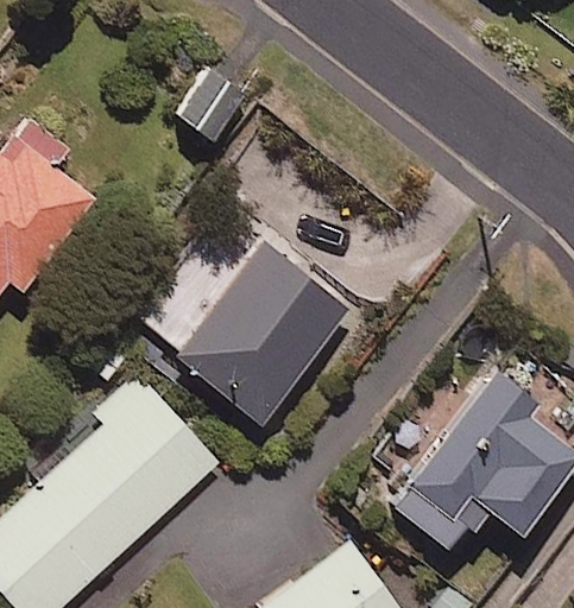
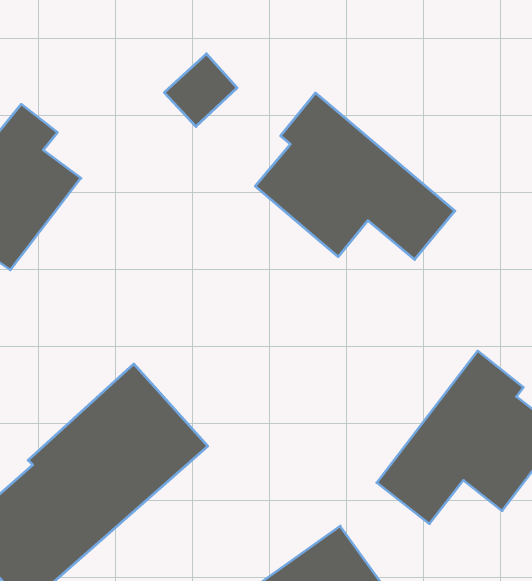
building: none -> [255,93,455,260]
building: [134,209,351,423] -> none

